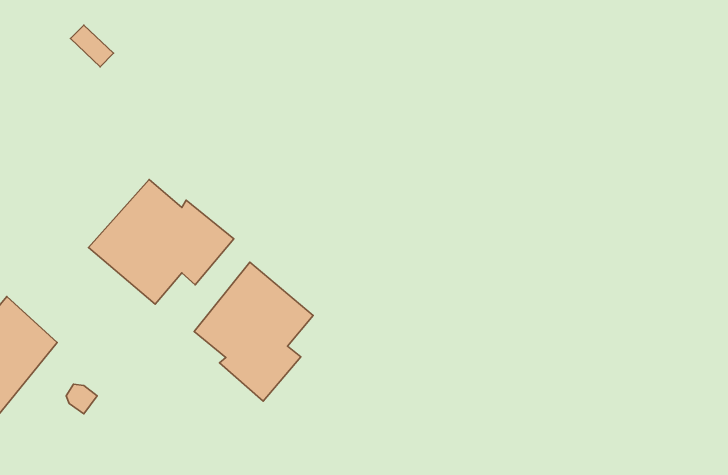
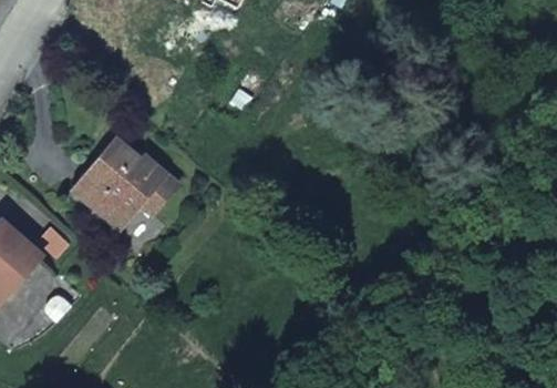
building: [194,262,313,401] -> none

